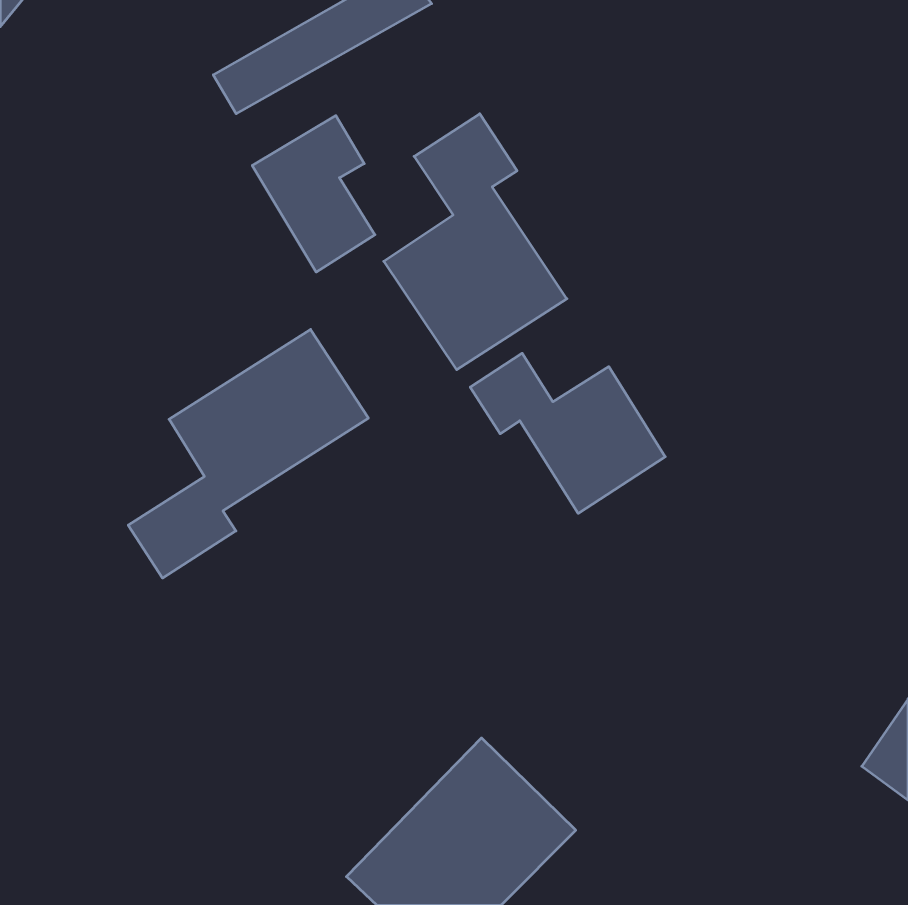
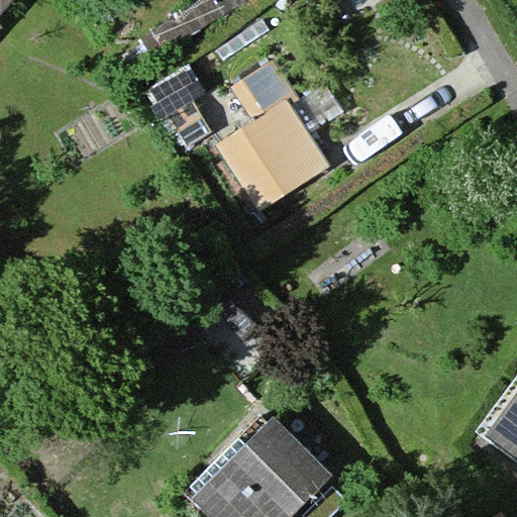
building: [128,329,368,578] -> none
building: [470,353,665,513] -> none

